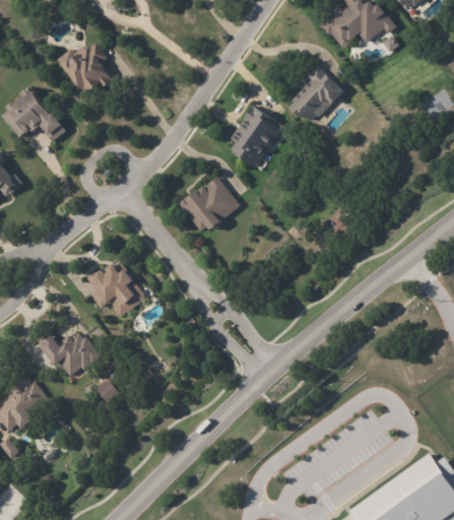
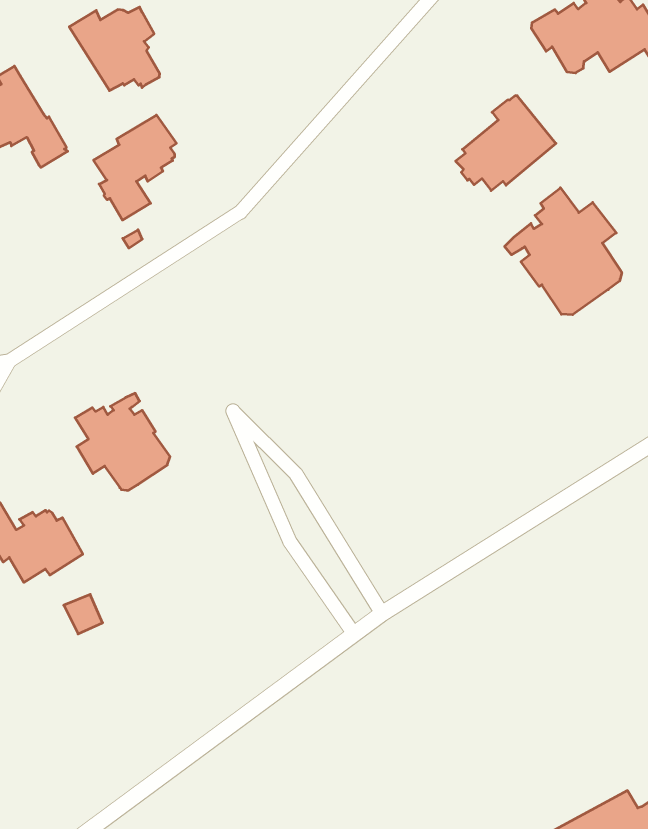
building: none -> [94,115,176,220]
building: [226,103,279,165] -> none
building: none -> [505,188,622,315]
building: [180,177,241,232] -> none

